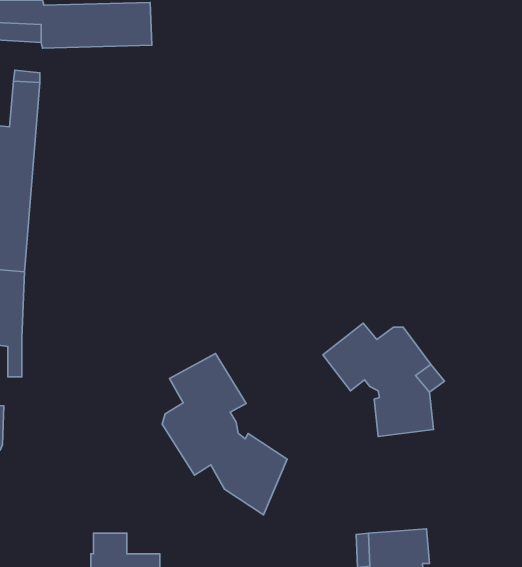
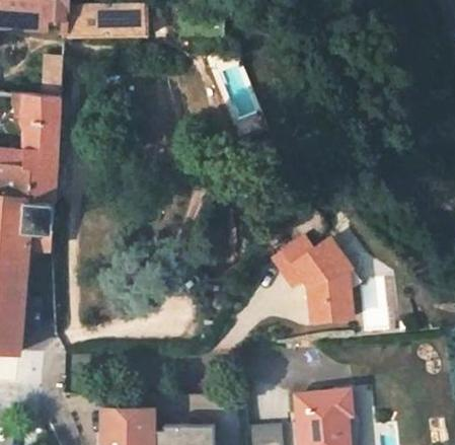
building: [162,353,287,515] -> none

